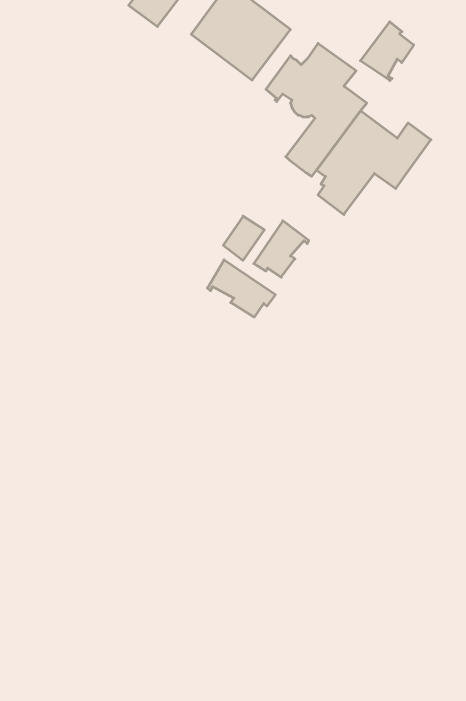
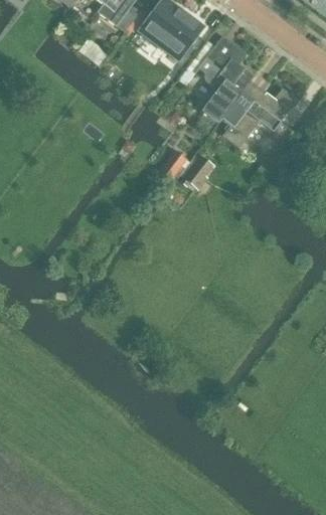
building: [360,22,414,81] -> none
building: [207,260,275,317] -> none

